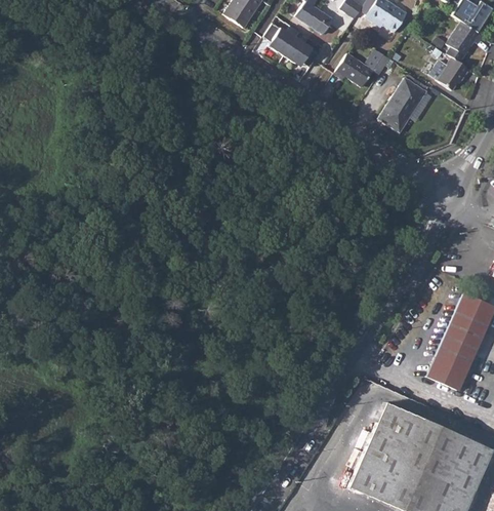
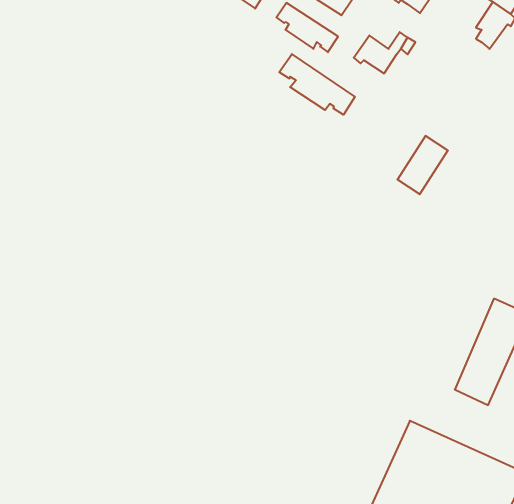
building: [429,57,469,90] -> none
building: none -> [279,54,355,115]
building: [380,78,426,131] -> [397,136,448,194]

